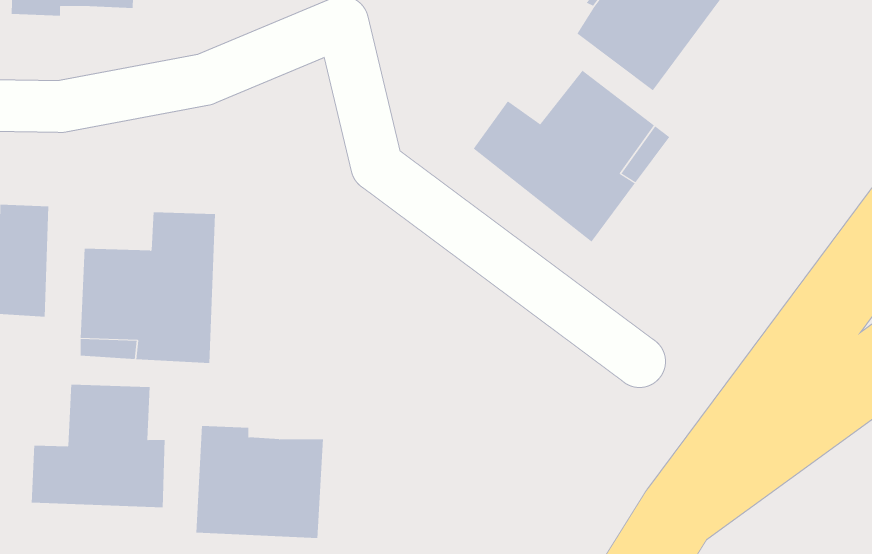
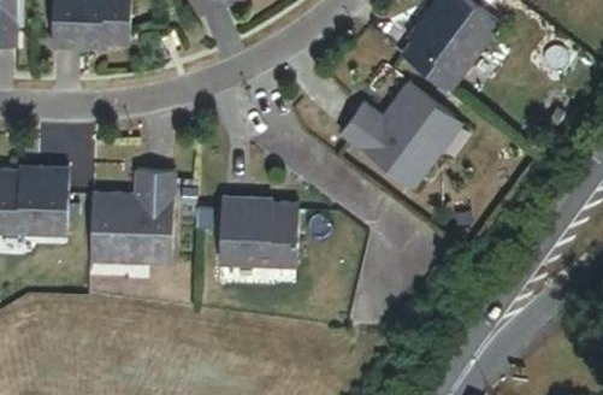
building: [31,384,165,508] -> none
building: [195,425,324,539] -> [221,199,302,270]

